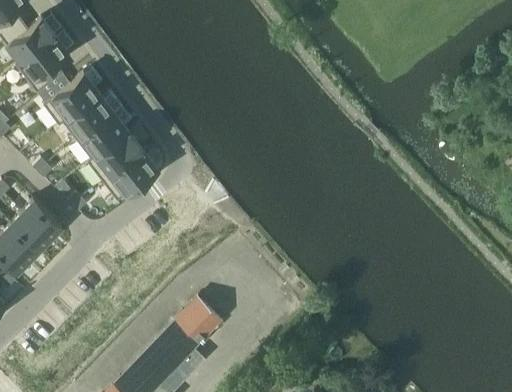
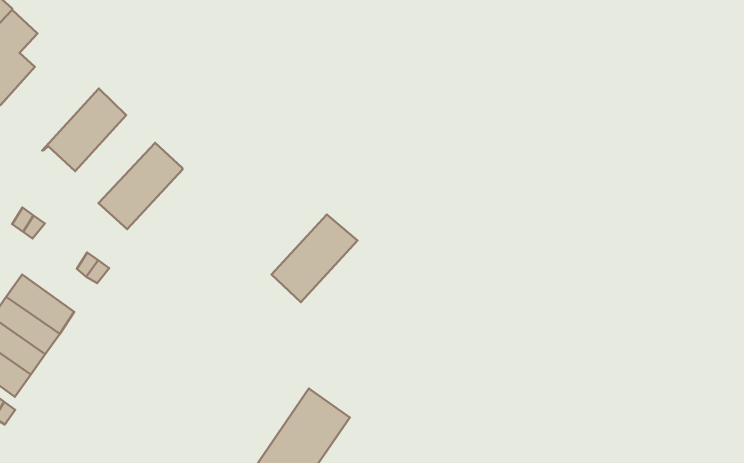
building: [44,72,100,123] -> none
building: [77,110,129,161] -> none
building: [103,149,159,200] -> [272,214,357,302]

